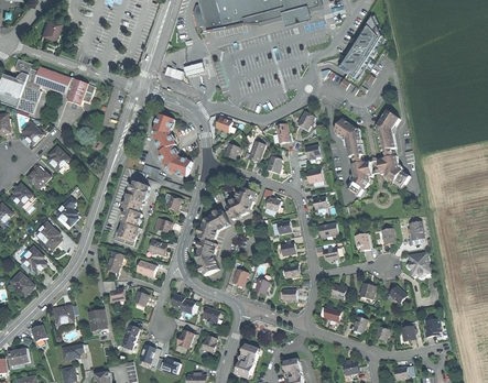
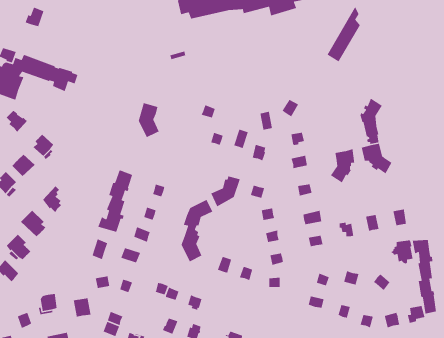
building: [334,120,362,165] -> none
building: [159,145,191,176] -> none
building: none -> [412,239,437,315]

